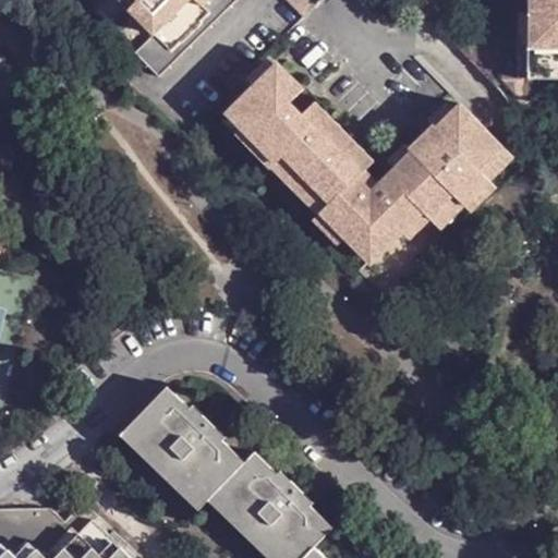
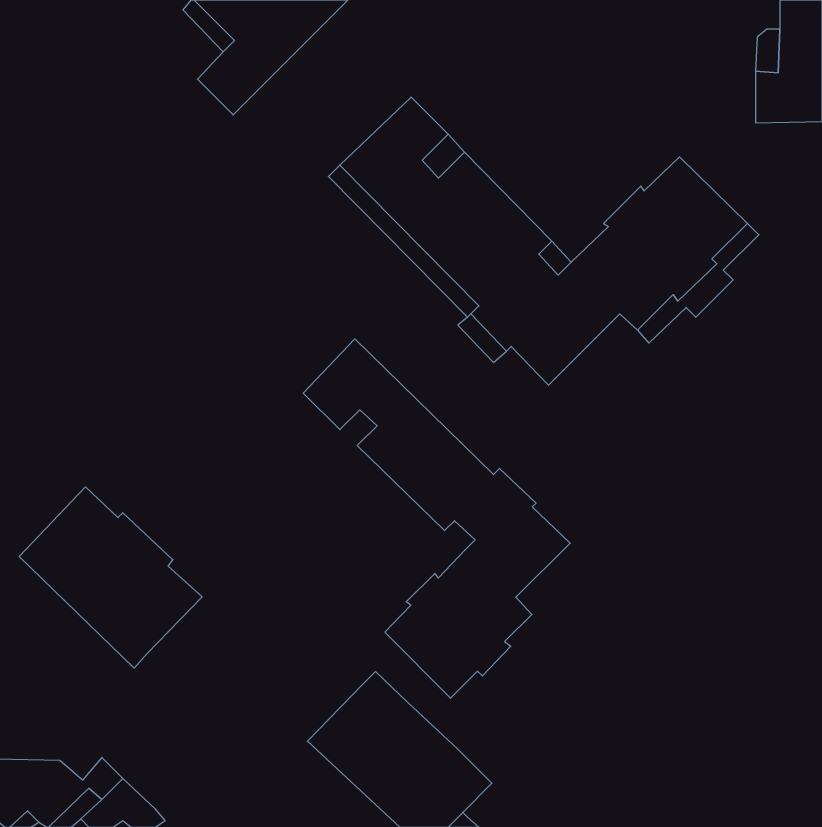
building: none -> [303,339,570,698]
building: [121,387,244,509] -> [19,487,202,668]

